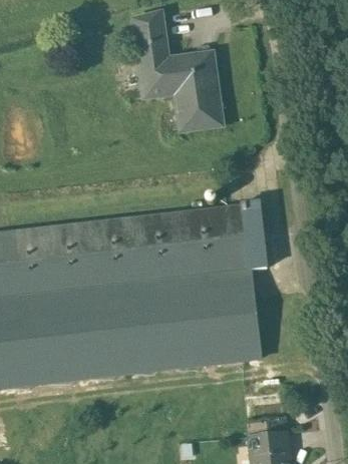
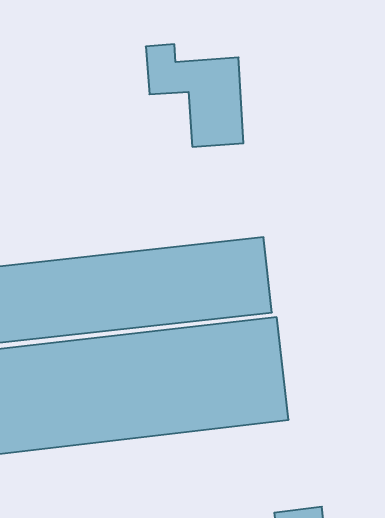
building: [138,16,164,44] -> none
building: [240,201,267,268] -> none

